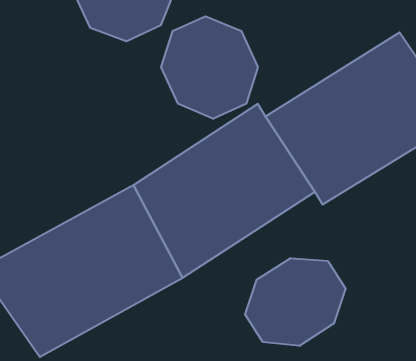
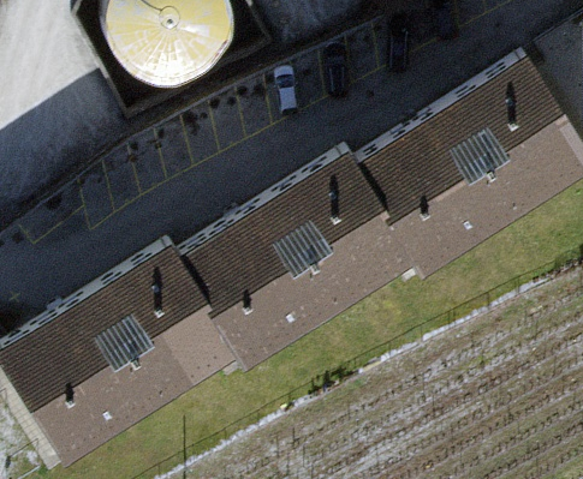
building: [161,16,258,119] -> none
building: [245,258,346,346] -> none

